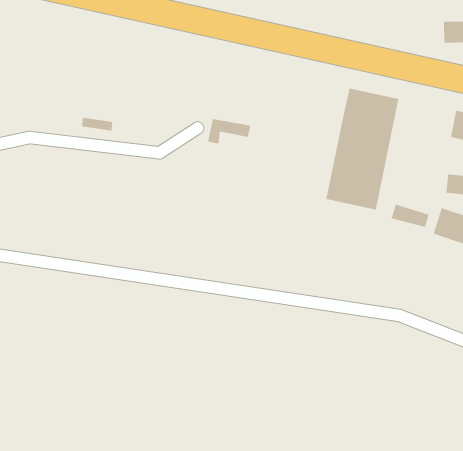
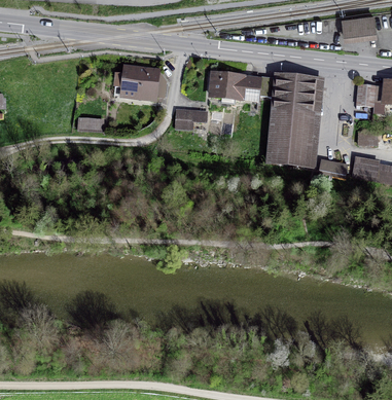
building: none -> [122,68,165,100]
building: none -> [211,75,277,101]

